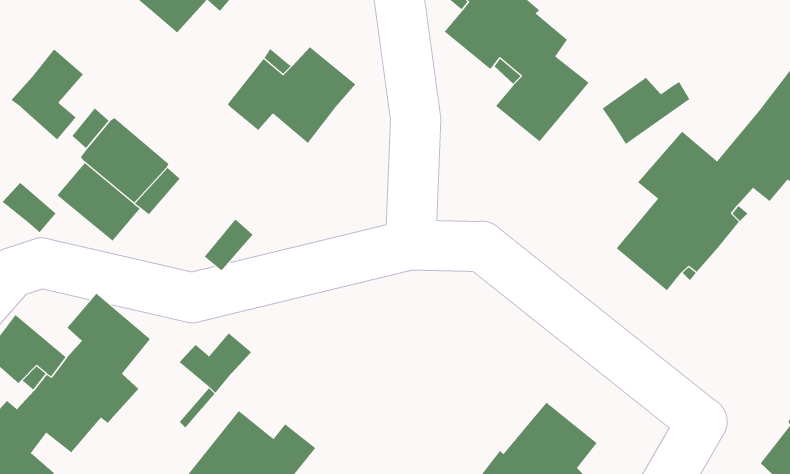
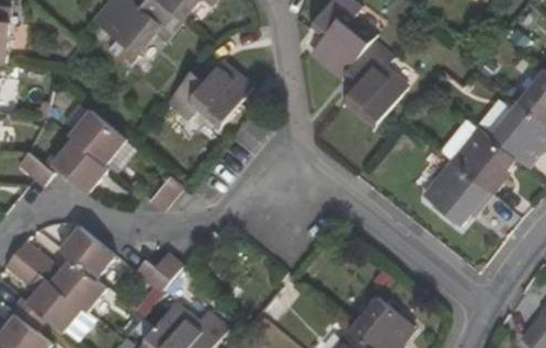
building: [11,49,84,140] -> none
building: [602,77,690,145] -> none

